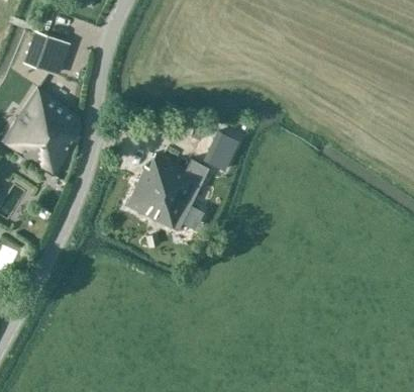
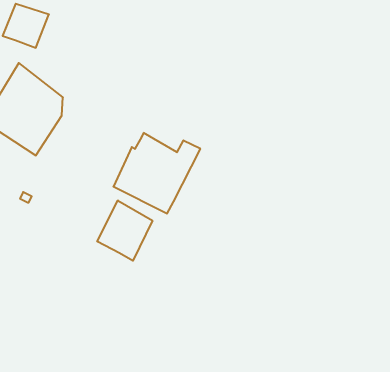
building: [203,130,236,170] -> none
building: none -> [97,200,152,261]

